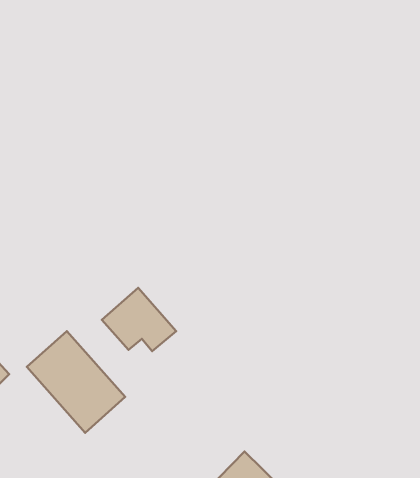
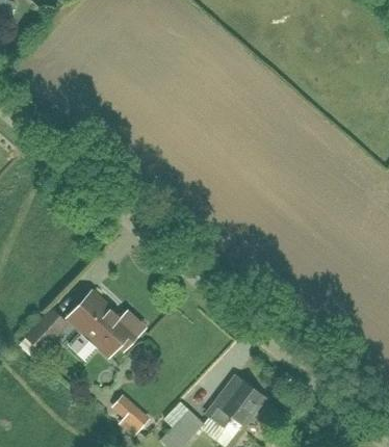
building: [102,288,176,351] -> none

